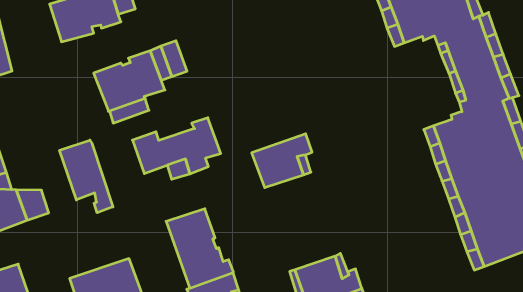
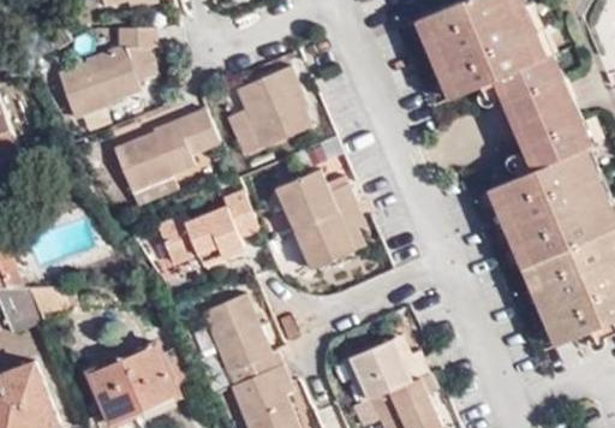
building: none -> [223,63,309,151]
building: none -> [277,168,354,228]
building: [60,140,113,213] -> none

